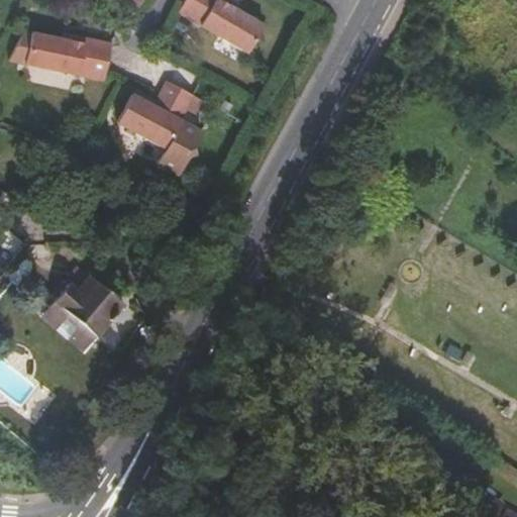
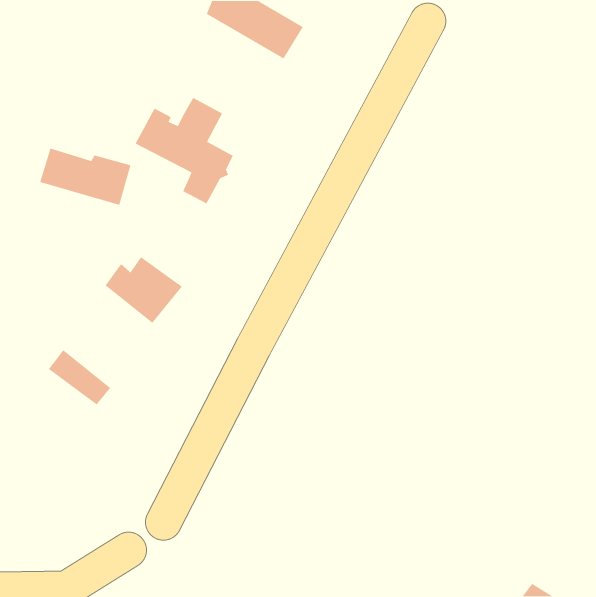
building: [31,28,111,79] -> [39,147,132,206]
building: [56,277,123,335] -> [105,256,183,324]

